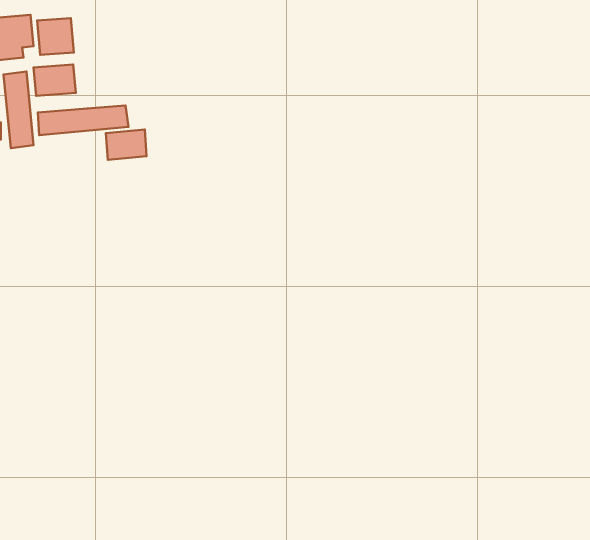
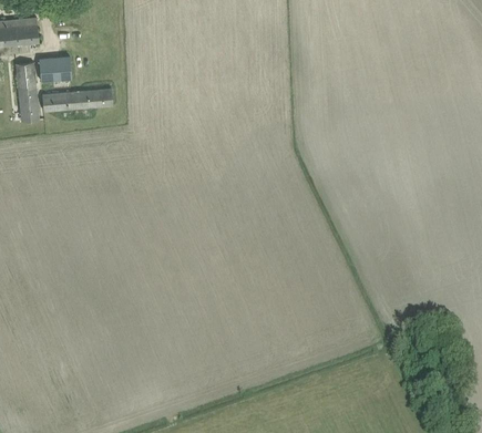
building: [37,18,74,55] -> none
building: [106,130,147,160] -> none

